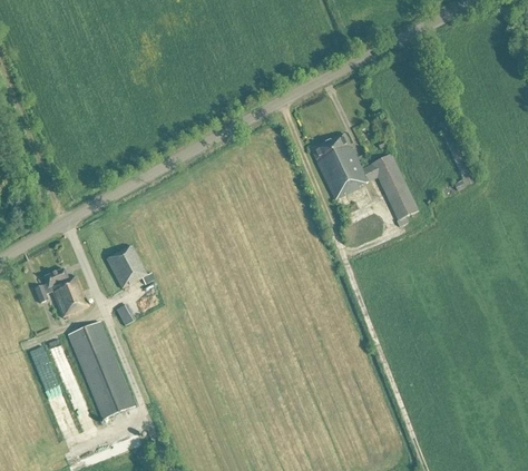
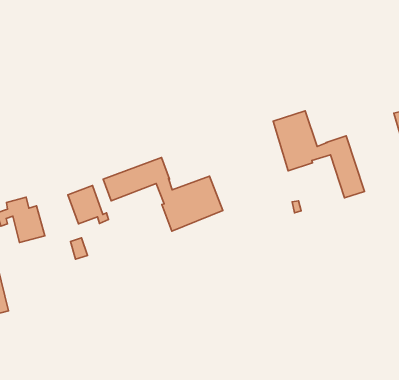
building: none -> [103,158,223,231]
building: [68,321,134,419] -> none

